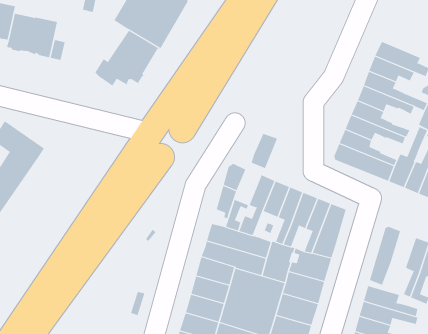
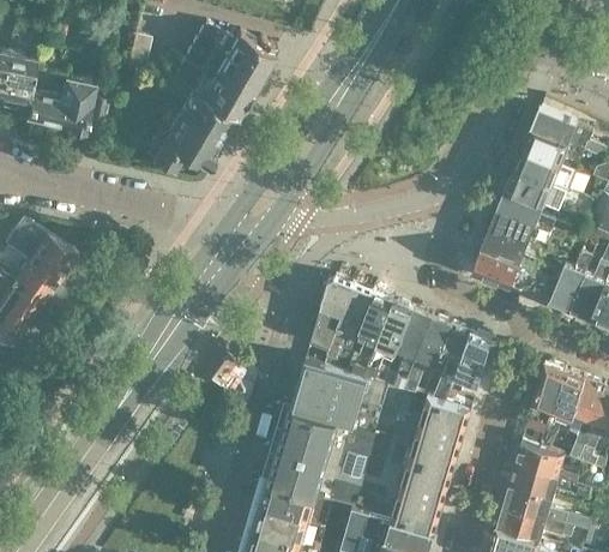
building: [251,133,278,169] -> [336,286,373,335]
building: none -> [539,371,585,449]

